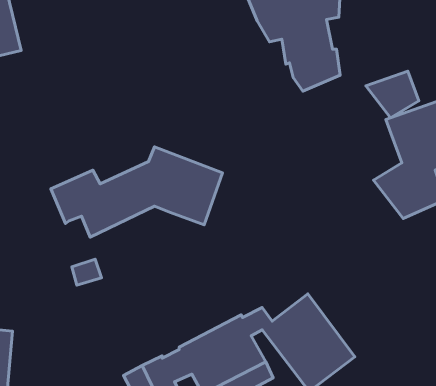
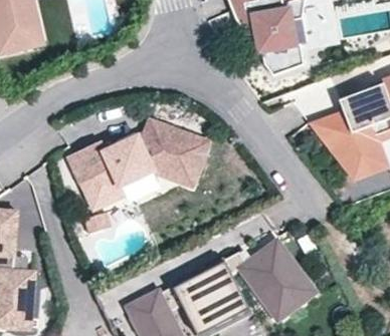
building: [366,71,419,118] -> [310,110,353,148]
building: none -> [82,170,165,207]

